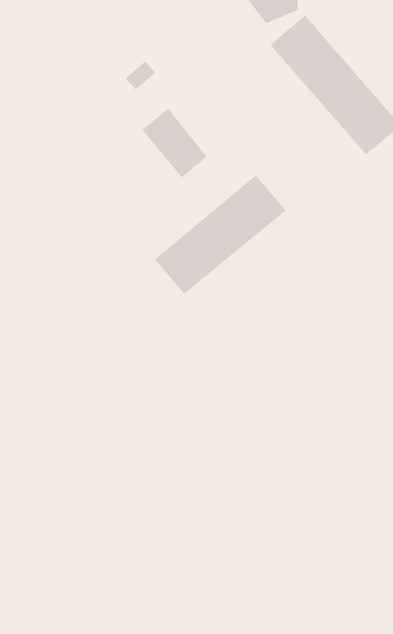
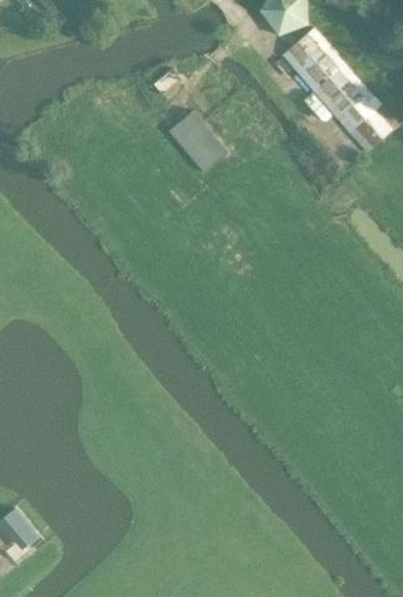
building: [154,174,286,295] -> none

